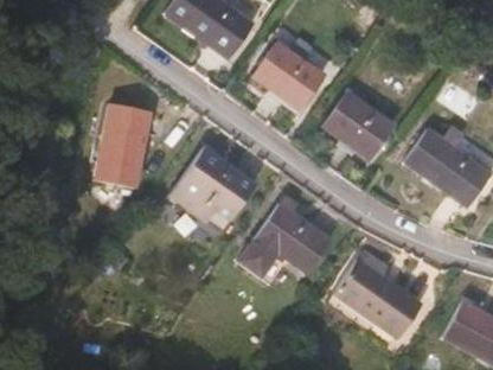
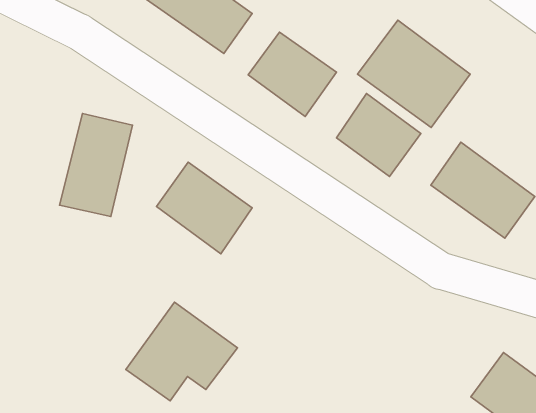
building: none -> [357,20,470,128]
building: [239,202,332,283] -> [126,302,237,401]
building: [332,257,421,338] -> none

